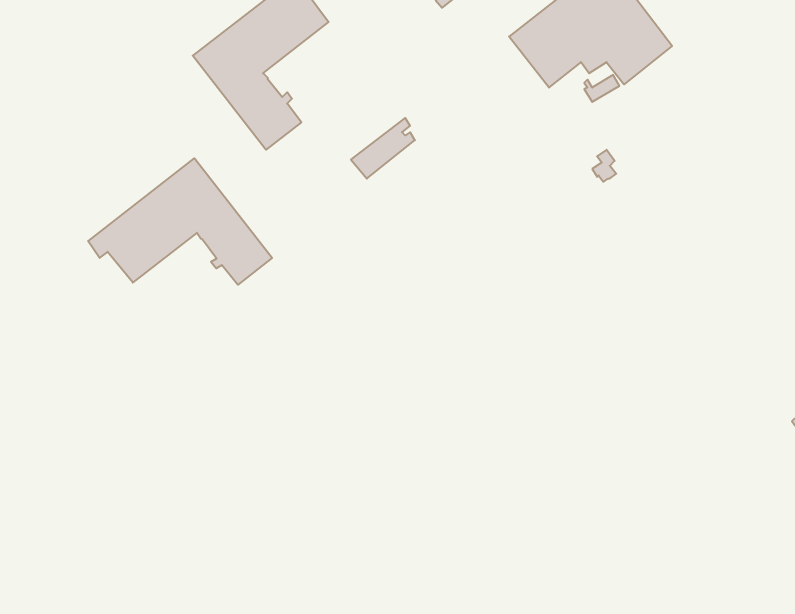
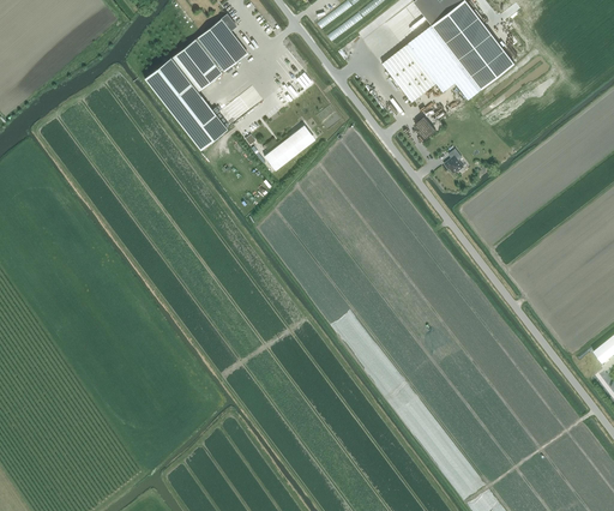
building: [88,158,272,285] -> none

